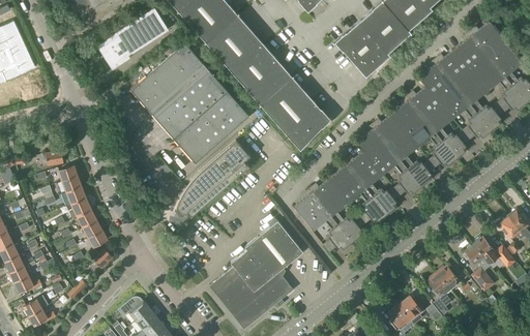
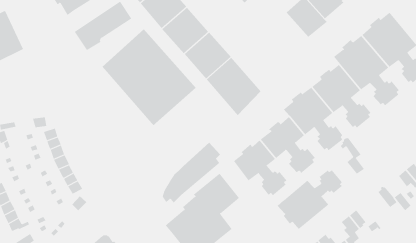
building: [335,22,389,77] -> none
building: [176,140,249,216] -> [162,142,221,204]
building: none -> [277,169,343,230]
building: [463,244,494,291] -> [340,137,365,175]

